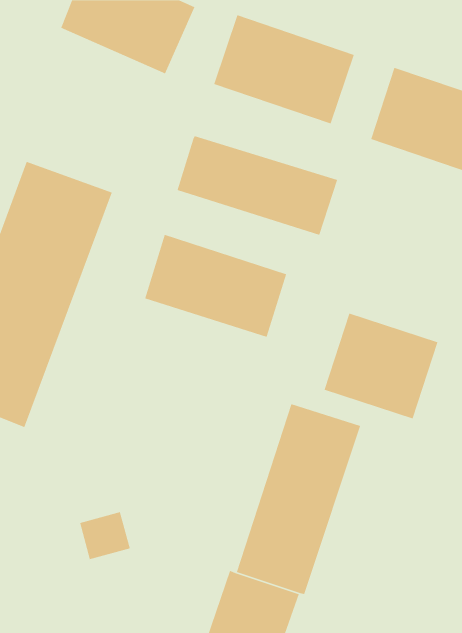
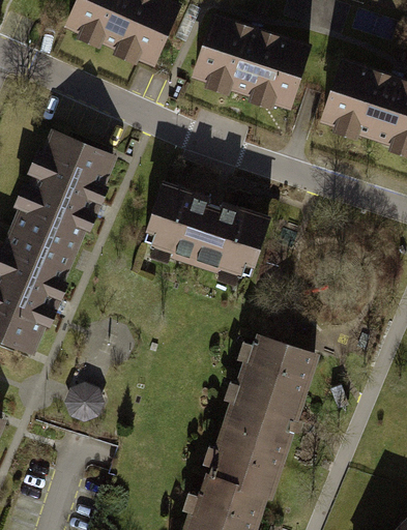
building: [177,135,338,236] -> none
building: [323,313,439,420] -> none
building: [79,511,131,560] -> [66,381,109,421]

